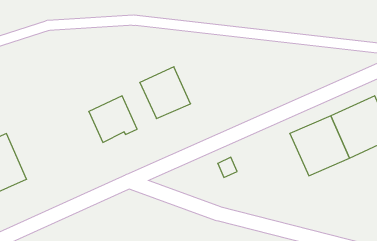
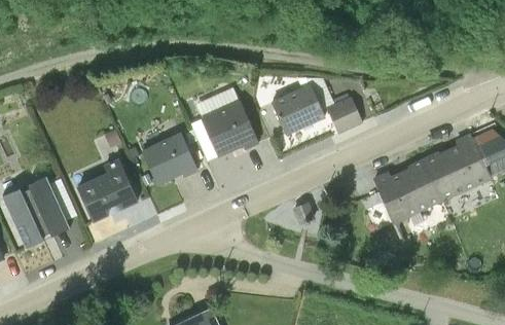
building: none -> [269,83,327,138]
building: none -> [329,97,366,135]
building: none -> [75,160,138,225]

